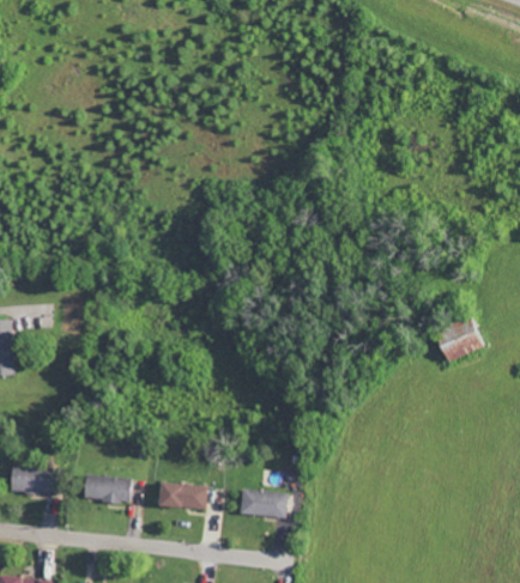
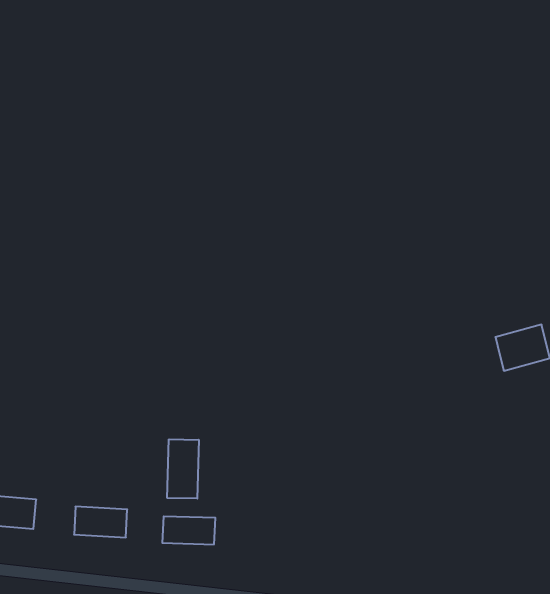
building: none -> [167,439,199,499]
building: [241,490,288,518] -> none

